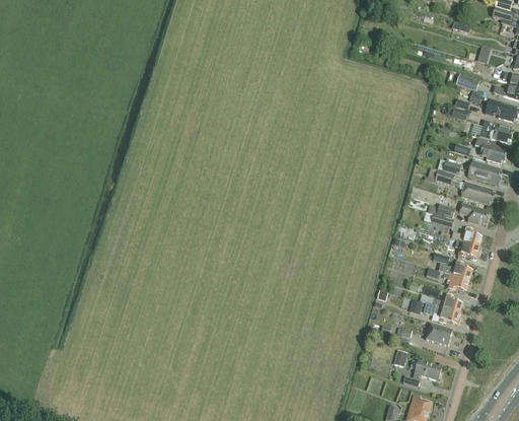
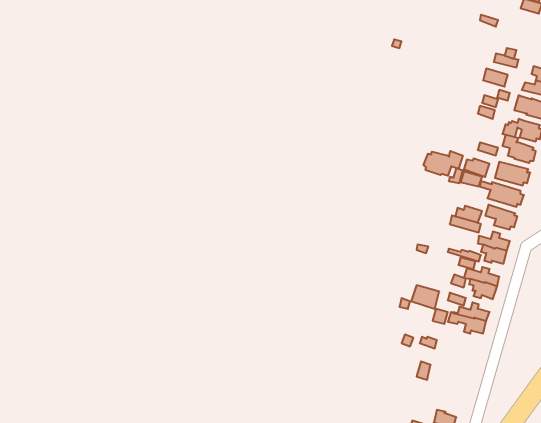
building: none -> [424,151,463,176]
building: [426,324,452,346] -> [411,285,439,309]
building: [403,361,442,388] -> none

